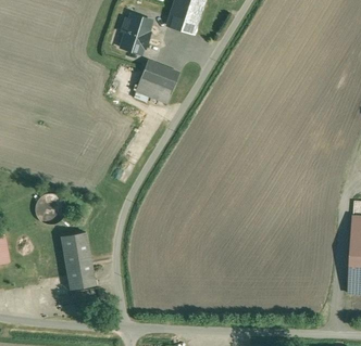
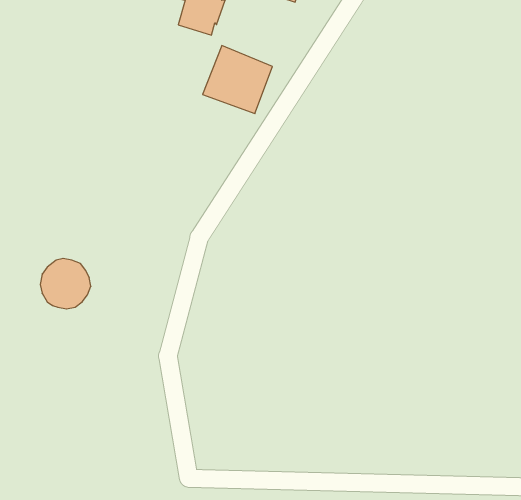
building: [61,231,94,289] -> none

